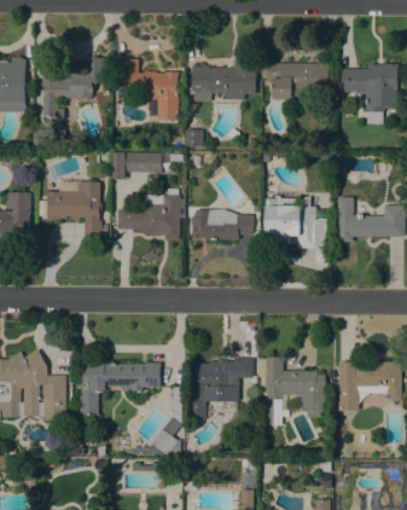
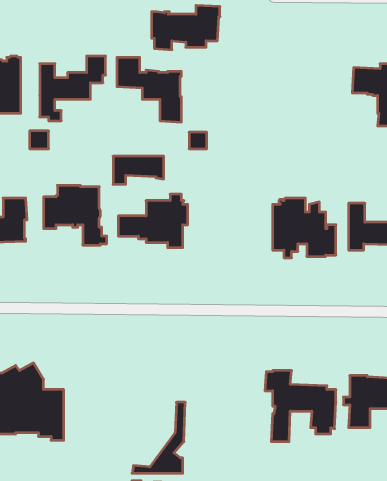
building: [191,59,256,102] -> [152,5,220,50]
building: [266,60,327,99] -> none
building: [191,209,251,239] -> none
building: [187,358,252,419] -> none
building: [79,360,159,415] -> none

